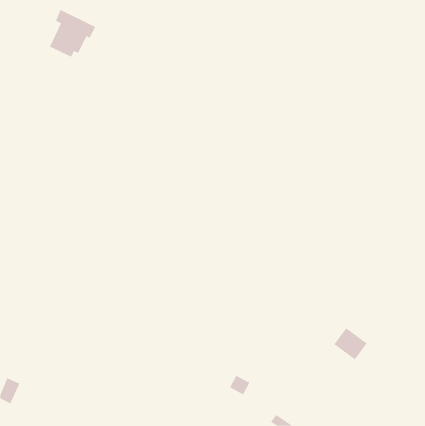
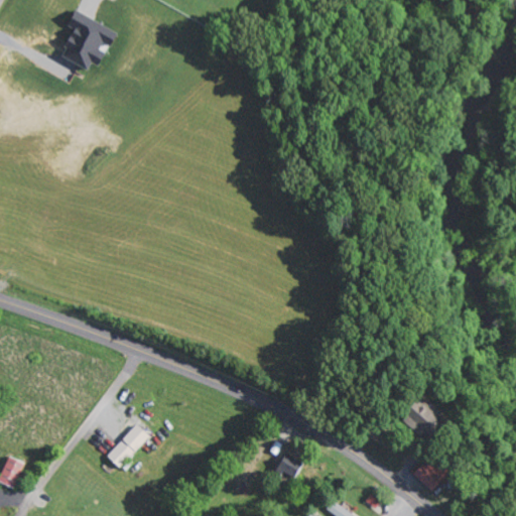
building: none -> [107,425,149,469]
building: none -> [412,465,441,493]

